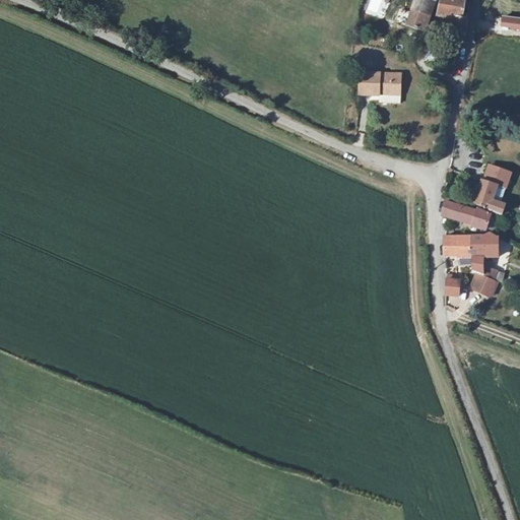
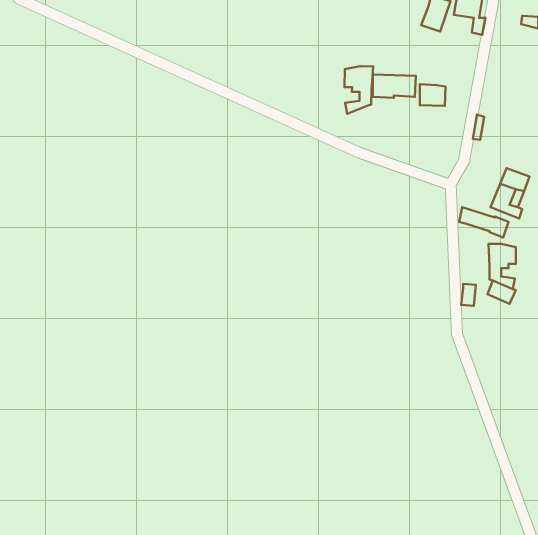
building: none -> [344,66,373,114]
building: none -> [420,84,445,106]
building: [445,236,472,257] -> none

